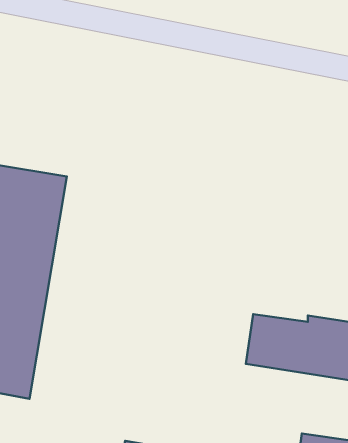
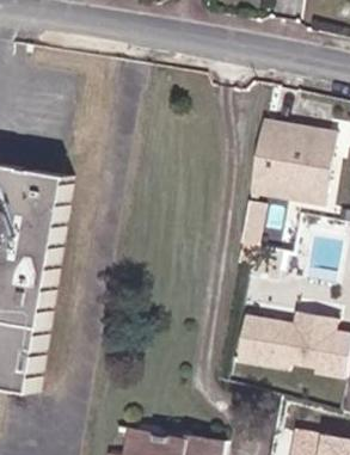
building: none -> [247,121,331,204]

